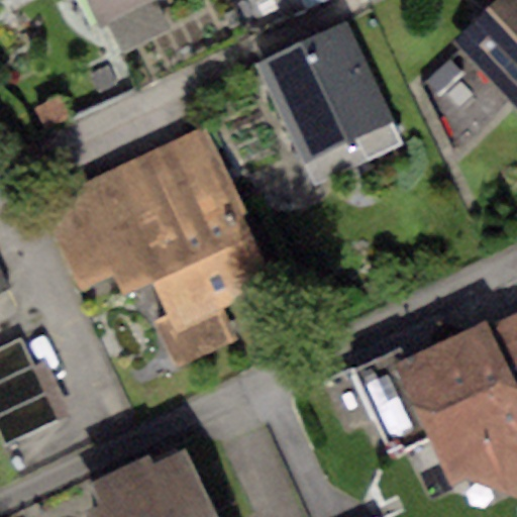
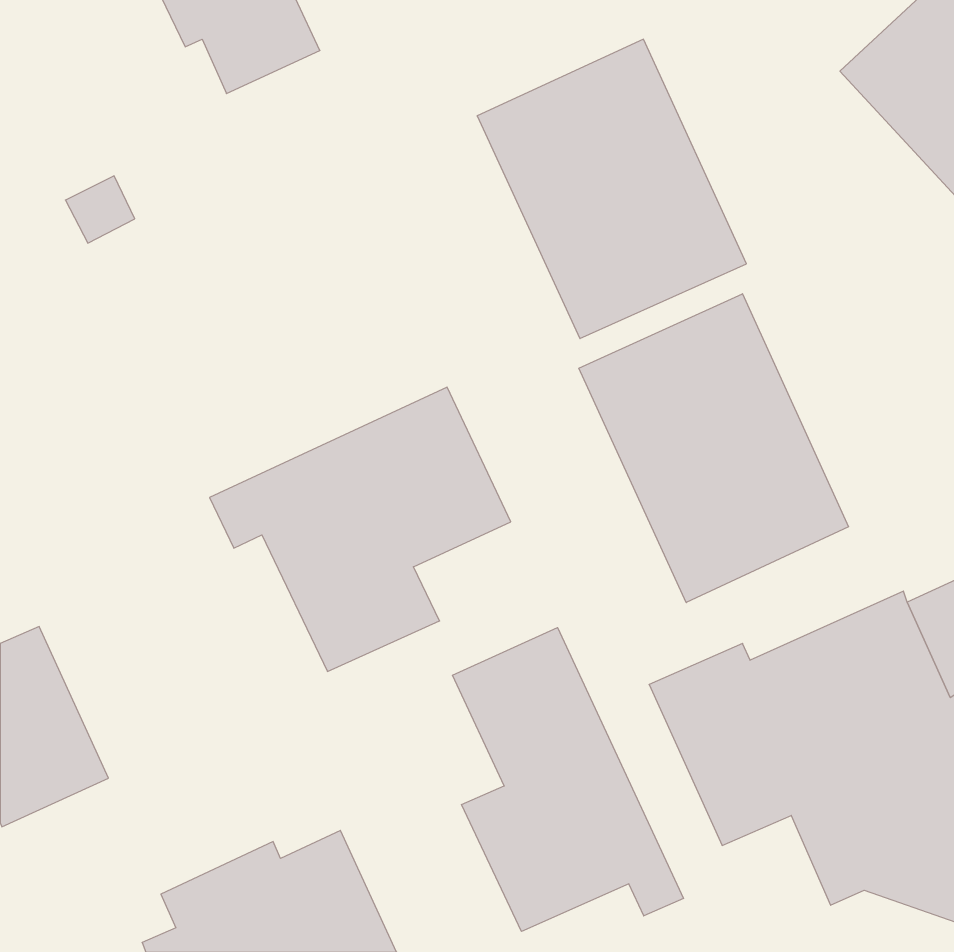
building: [41,128,242,286] -> none
building: none -> [579,294,848,603]
building: none -> [453,628,683,931]

